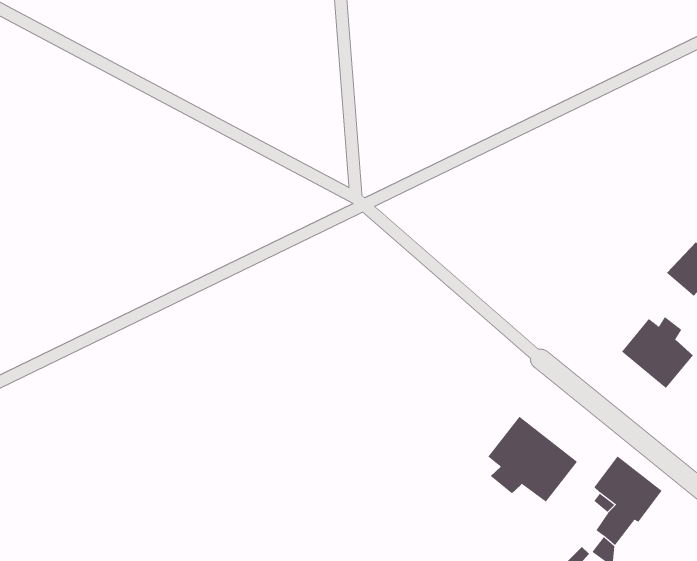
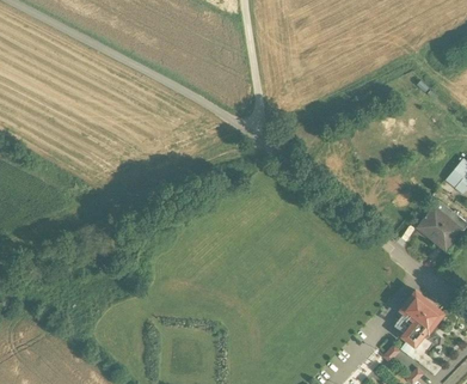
building: [488,416,578,502] -> none

